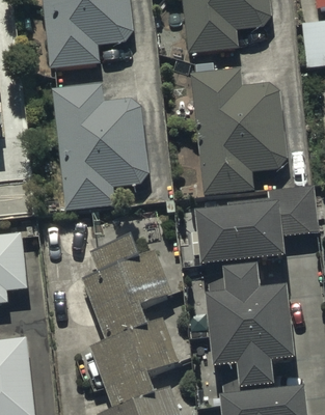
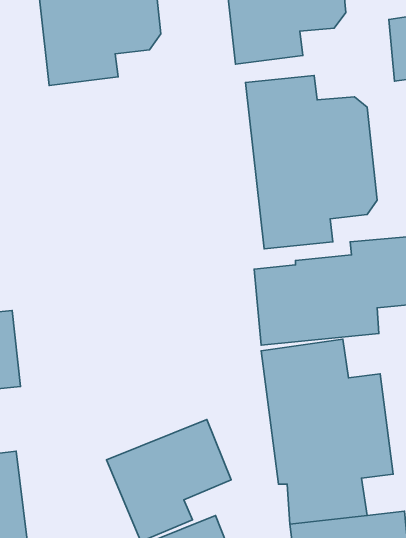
building: [50,88,144,214] -> none
building: [82,233,174,334] -> none

